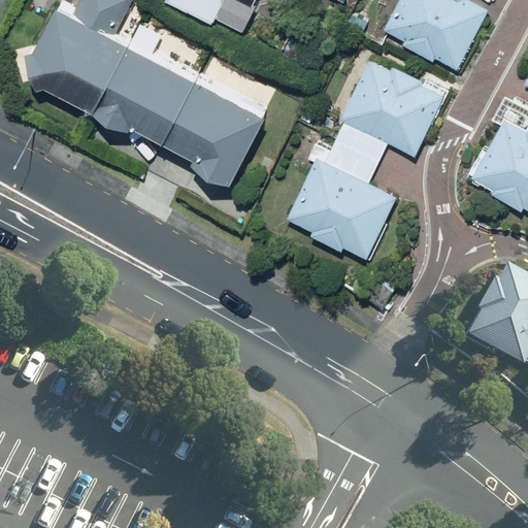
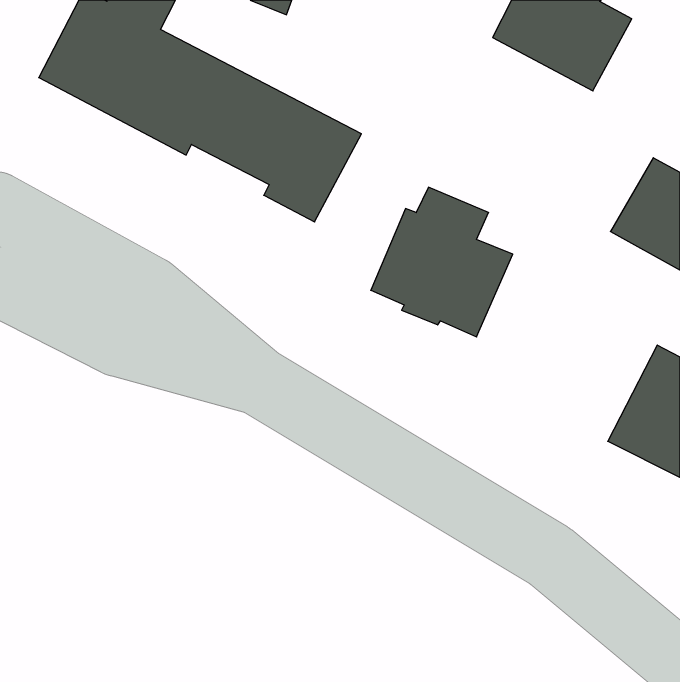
building: [330,64,439,165] -> none

